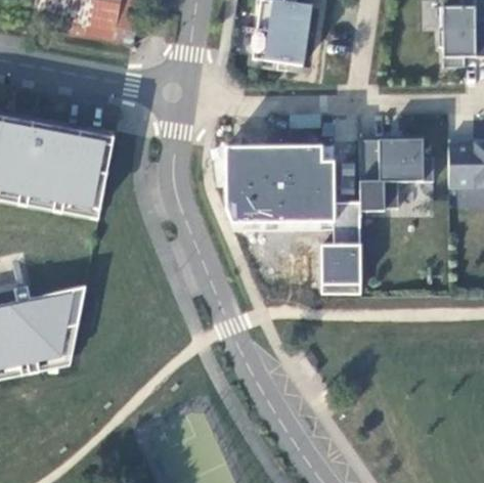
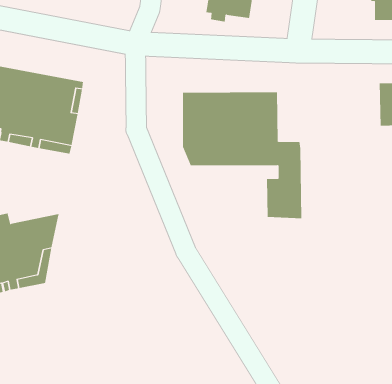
building: [359,133,433,211] -> none

